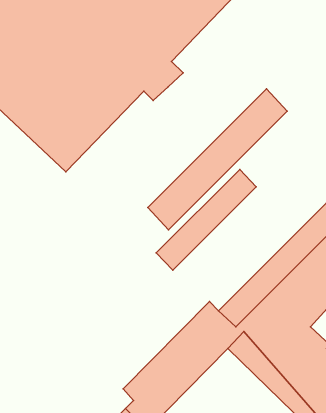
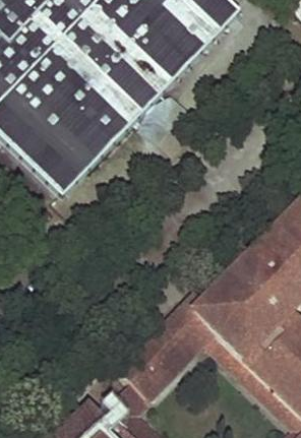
building: [148,89,287,230] -> none
building: [156,170,256,270] -> none

